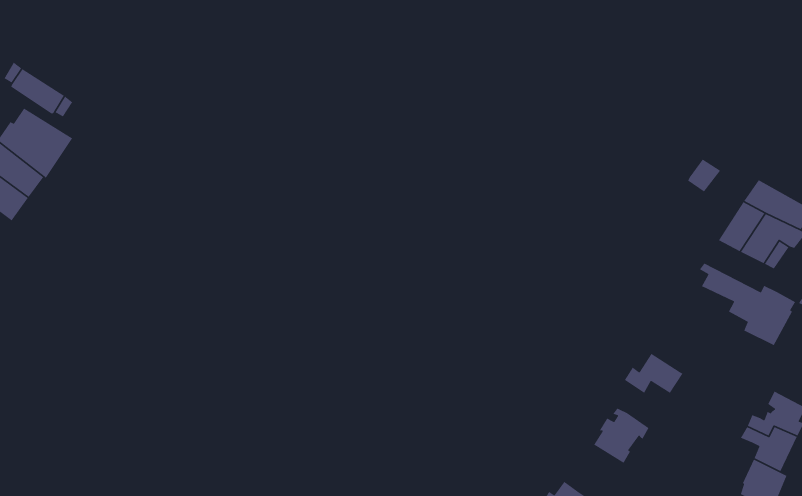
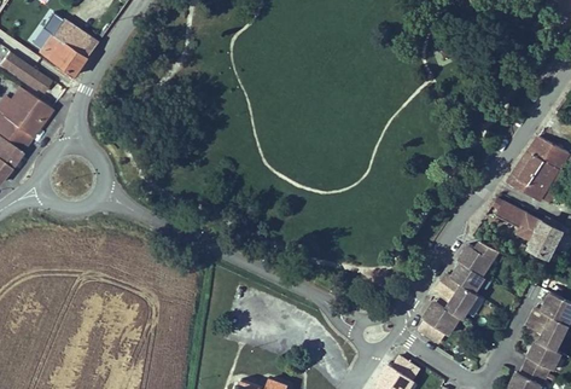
building: none -> [23,22,101,77]
building: none -> [459,239,499,274]
building: none -> [436,280,478,315]

